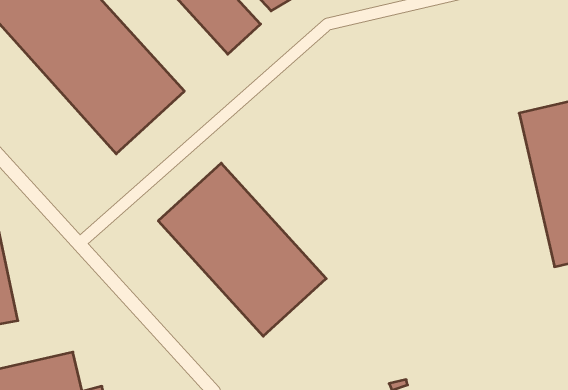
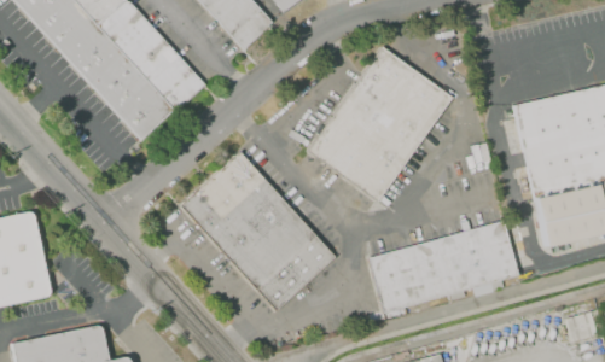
building: none -> [308,45,454,202]
building: none -> [367,221,518,314]

